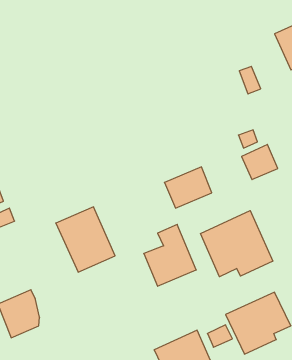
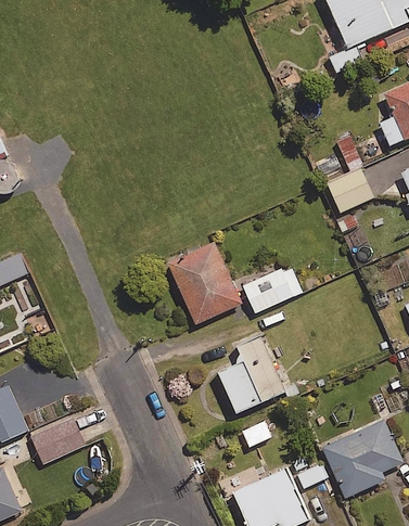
building: [242,144,278,180] -> [329,168,374,213]
building: [56,207,115,272] -> [165,241,240,323]
building: [200,211,273,277] -> none

